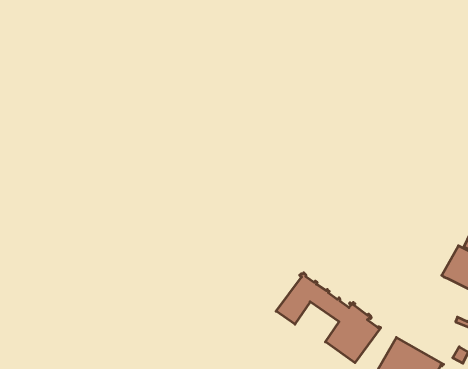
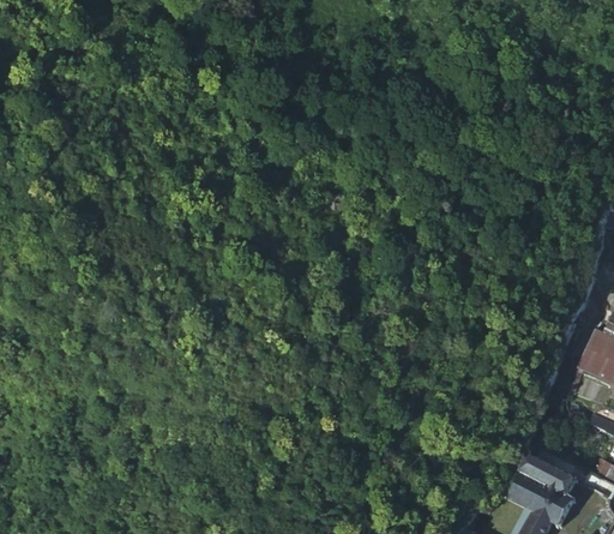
building: [276,273,381,363] -> none

